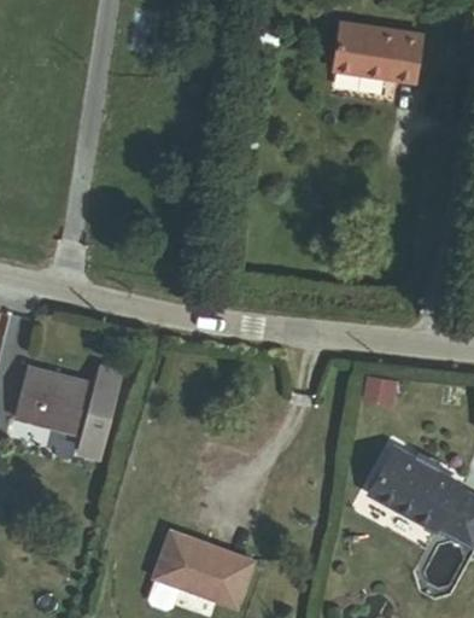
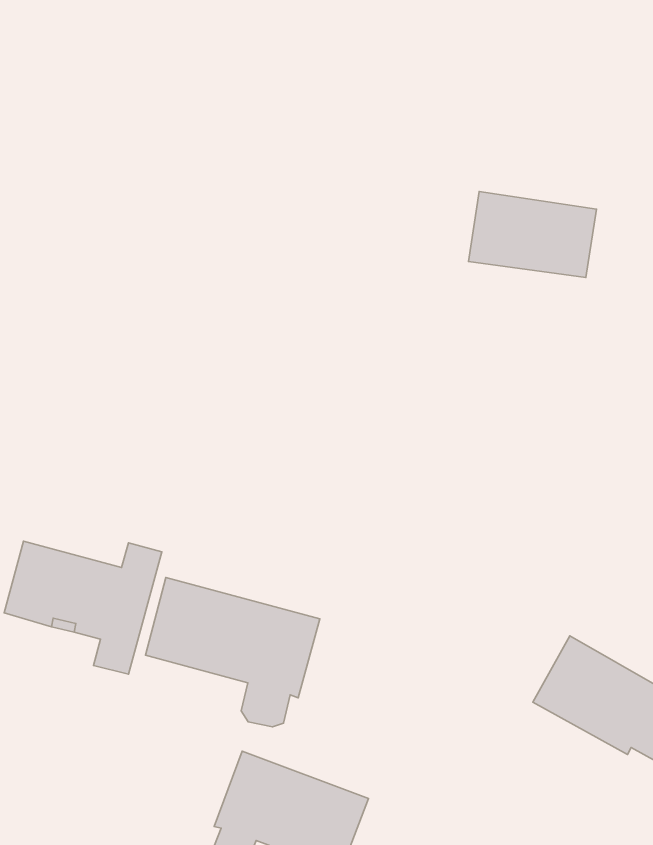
building: [334,22,422,81] -> [469,192,596,277]
building: none -> [145,577,320,727]

